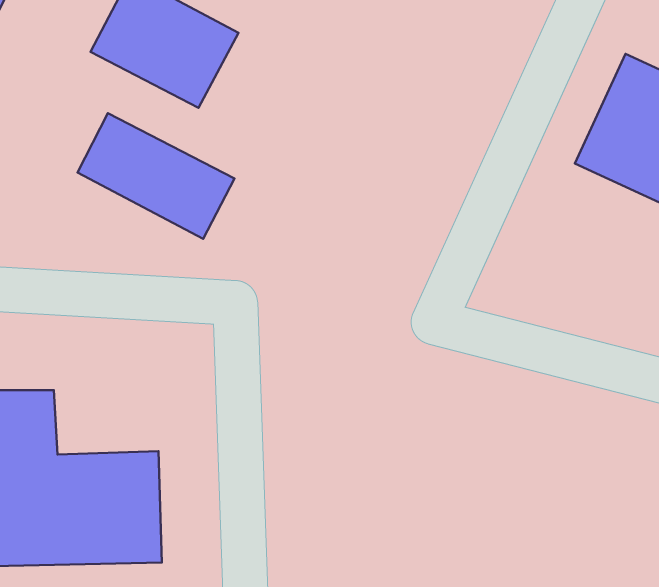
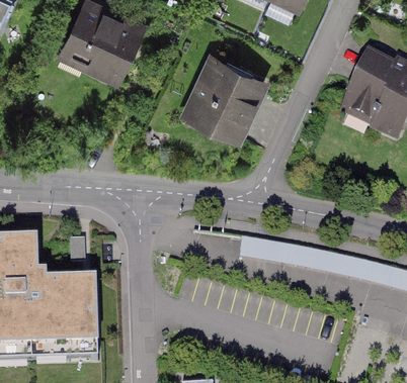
building: none -> [172,41,272,149]
building: [78,113,235,239] -> none

